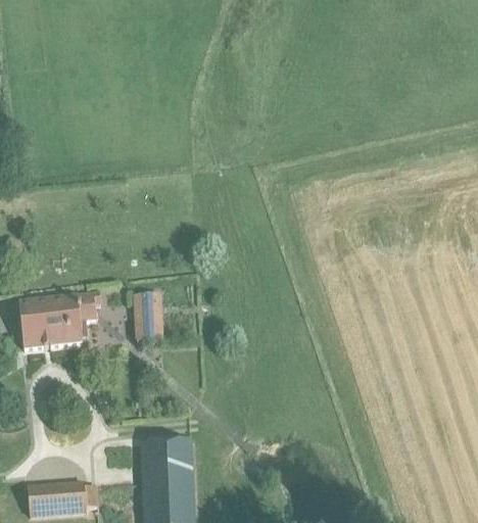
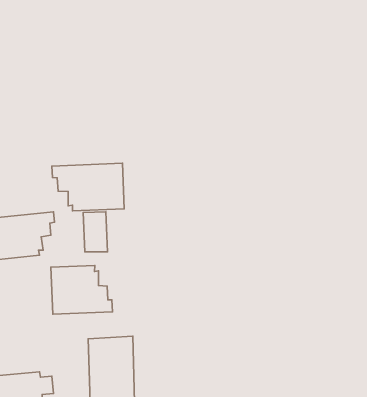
building: none -> [52,163,124,211]
building: none -> [51,266,112,314]

